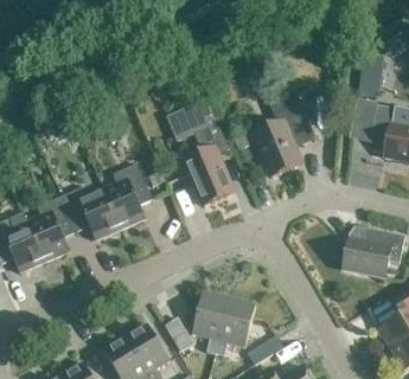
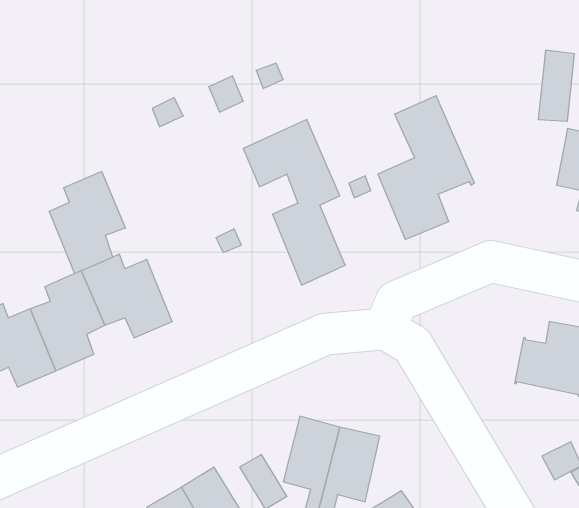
building: [103,162,153,229] -> [49,172,126,273]

